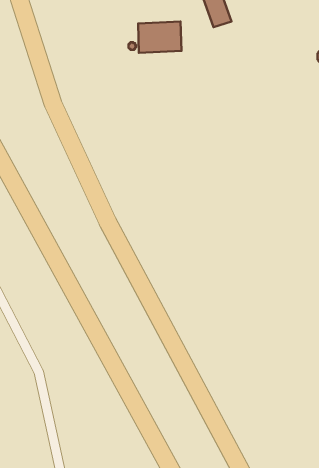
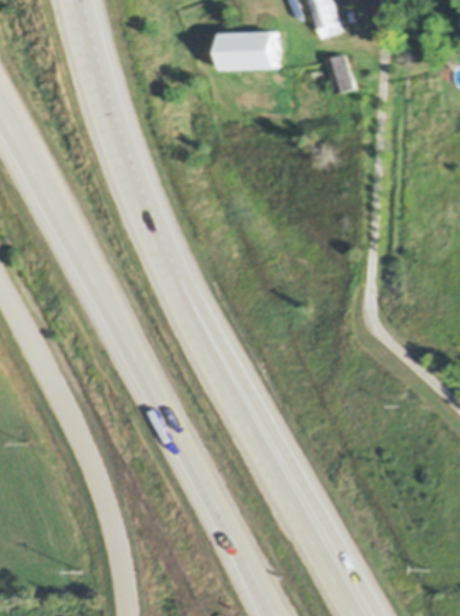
building: none -> [325,54,354,94]

